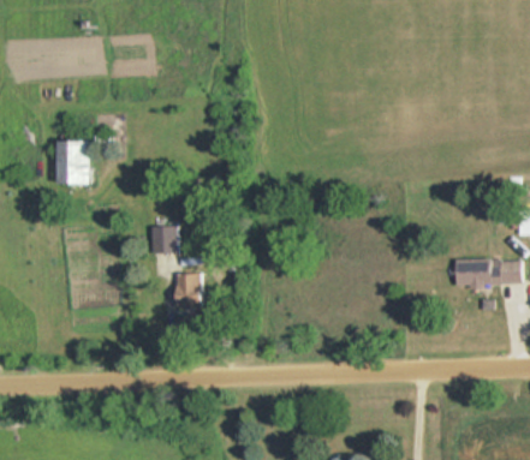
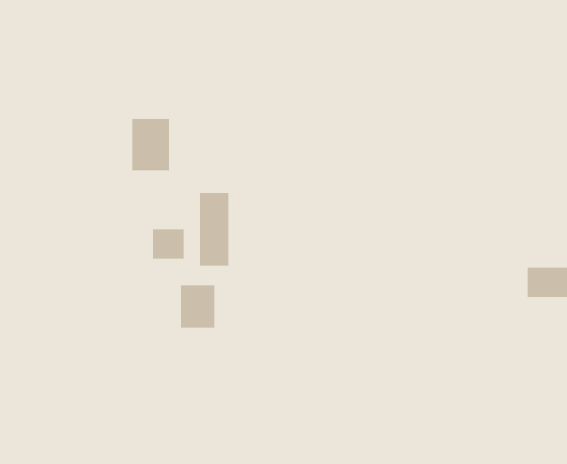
building: [59,141,90,184] -> [132,118,170,171]
building: none -> [199,192,229,267]

